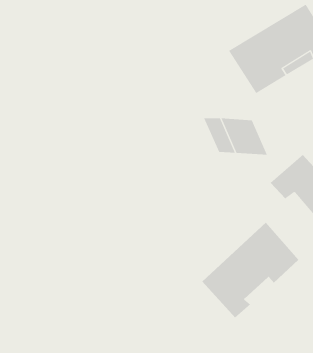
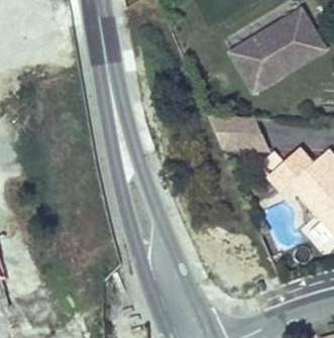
building: [201,222,299,318] -> none

